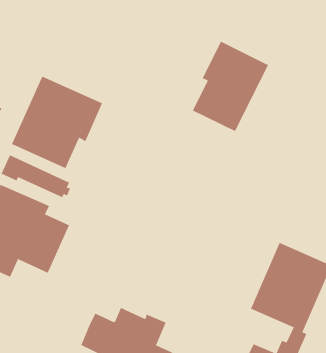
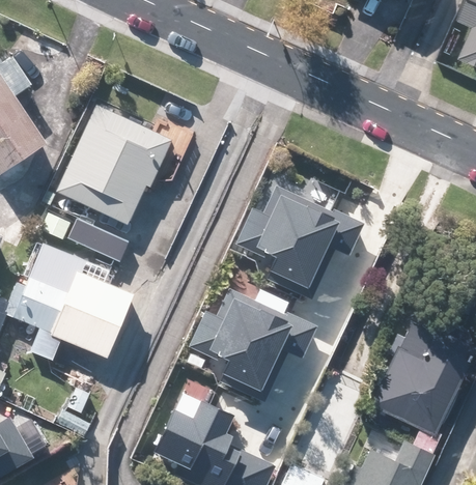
building: [192,41,269,132] -> none
building: none -> [231,178,366,305]
building: none -> [187,287,317,400]

